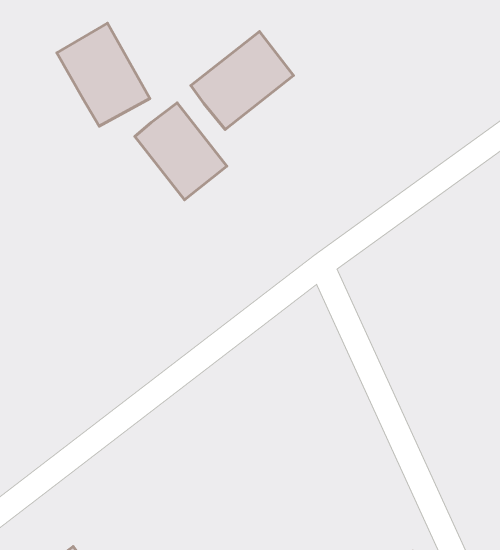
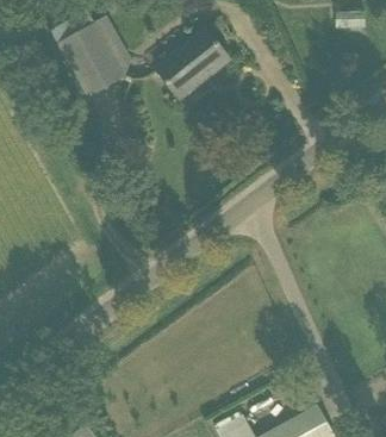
building: [135,103,227,200] -> none

